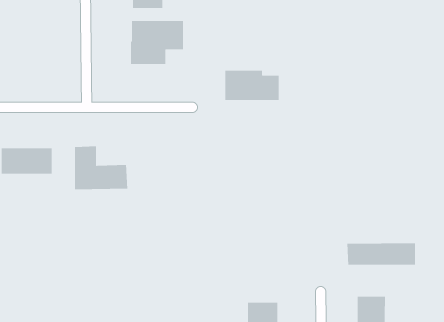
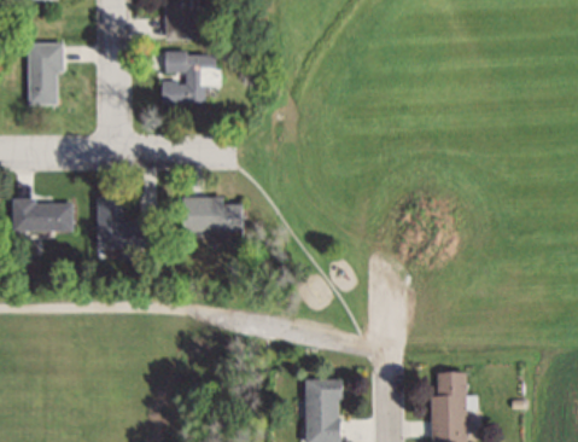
building: none -> [30,42,64,105]
building: [225,70,279,101] -> [182,197,246,233]
building: [346,242,416,266] -> none

